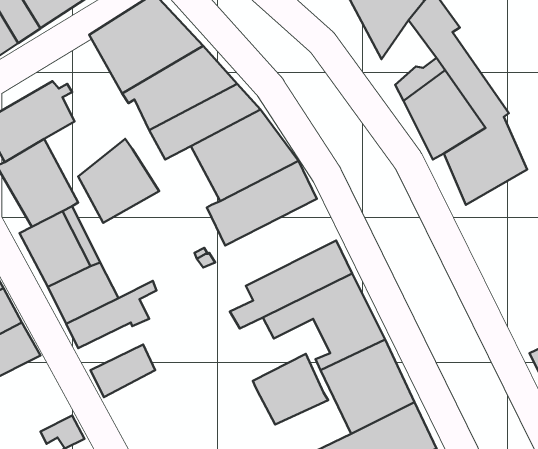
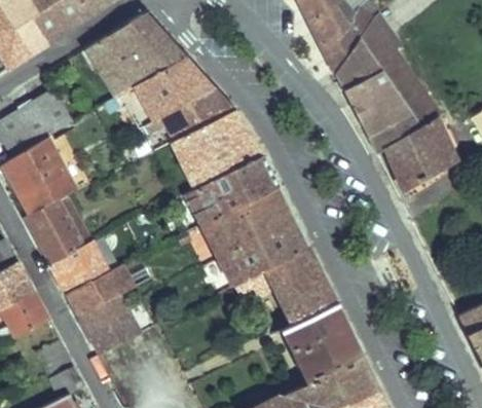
building: none -> [332,35,378,89]
building: [78,139,159,223] -> none
building: none -> [200,185,294,258]
building: none -> [77,289,132,329]
building: [253,354,328,425] -> none

